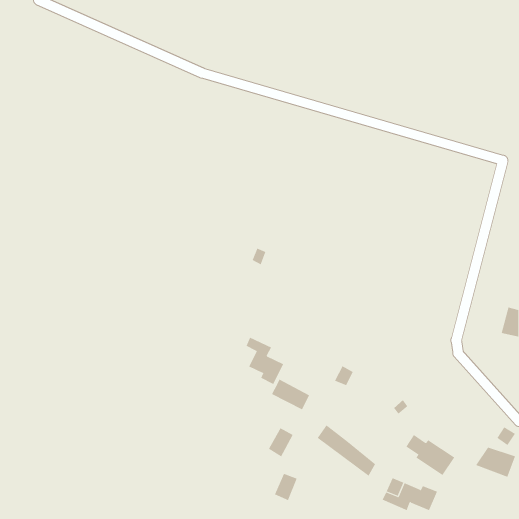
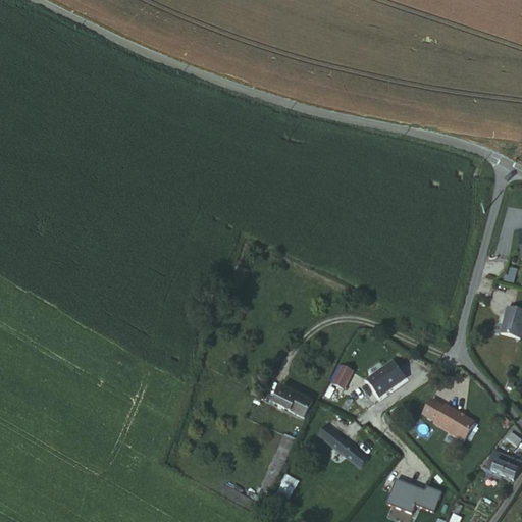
building: [246,337,284,385] -> none
building: none -> [369,357,408,395]
building: [405,434,455,476] -> [425,398,475,439]

